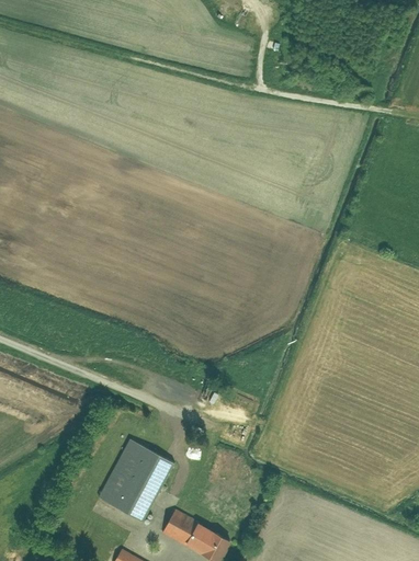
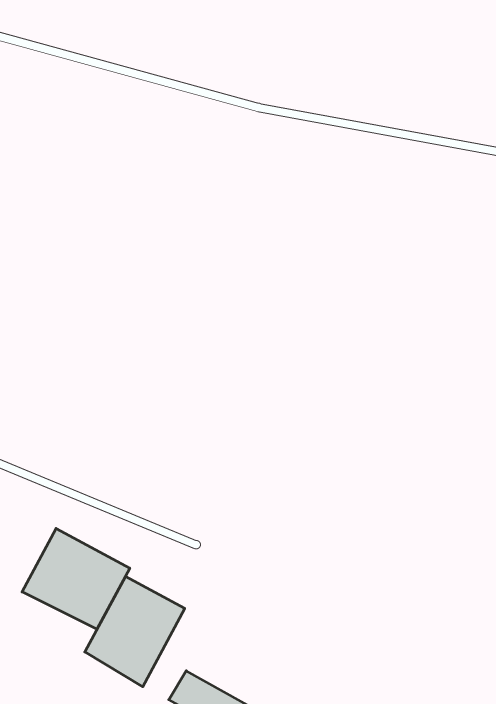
building: none -> [22,528,130,629]

